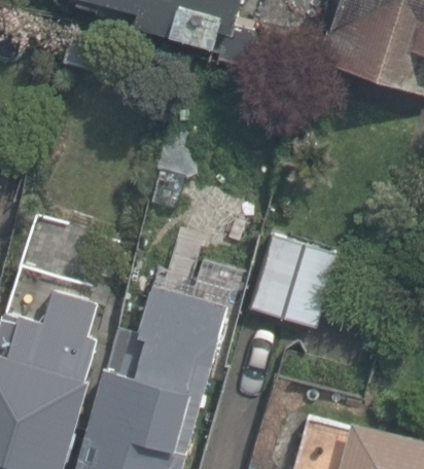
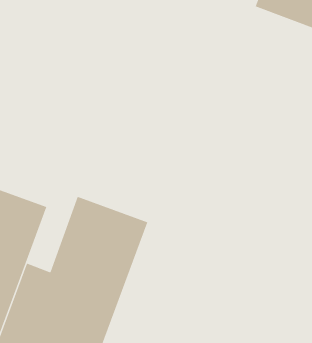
building: [242,237,350,331] -> none

